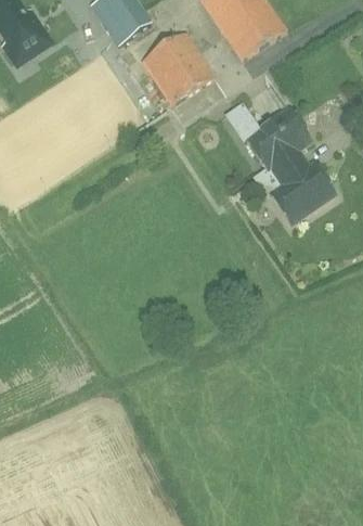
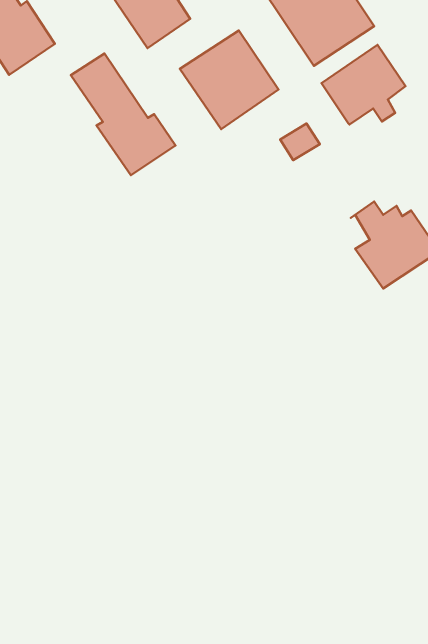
building: none -> [71,53,175,175]
building: [247,110,309,168] -> [322,45,406,125]

